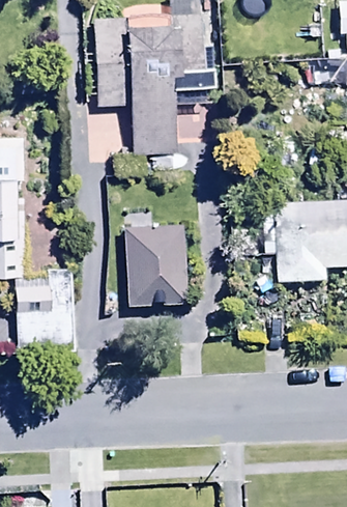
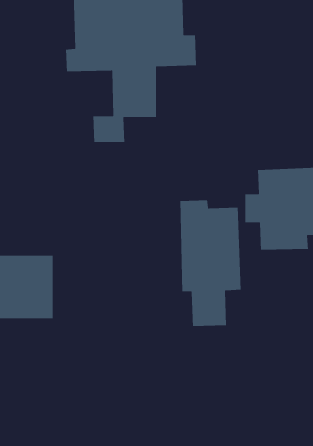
building: [124,216,185,341] -> [179,199,242,327]

